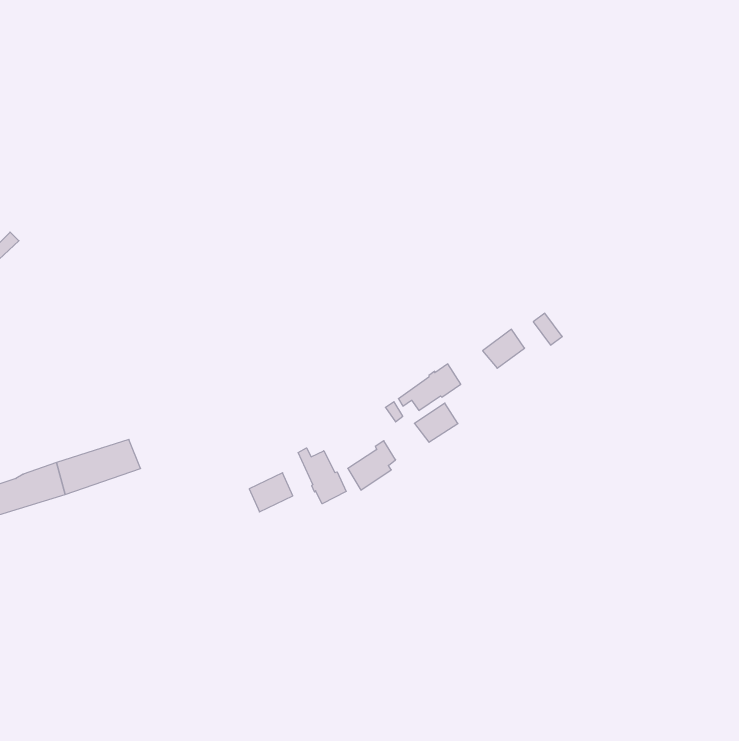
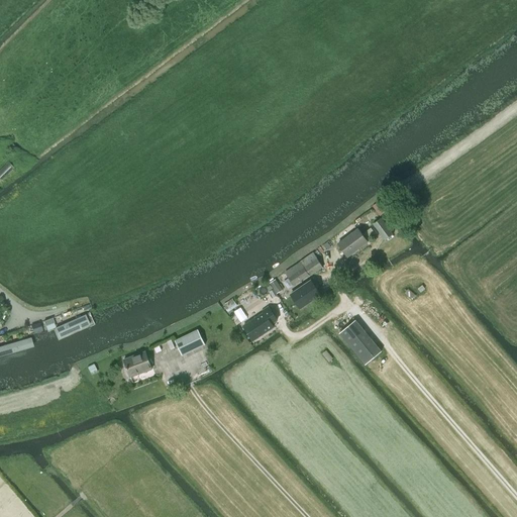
building: [298,448,346,504] -> none
building: none -> [338,320,380,365]
building: none -> [122,352,150,377]

